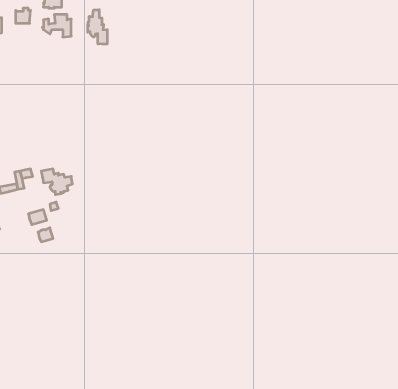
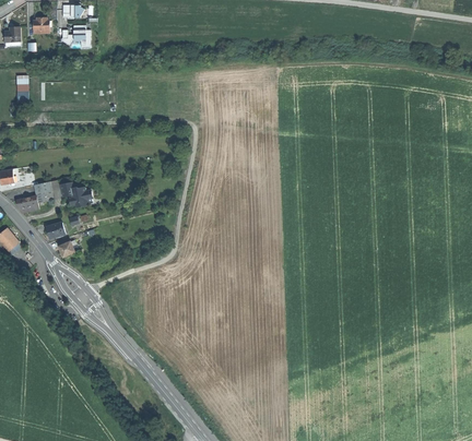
building: [88,10,107,44] -> none

